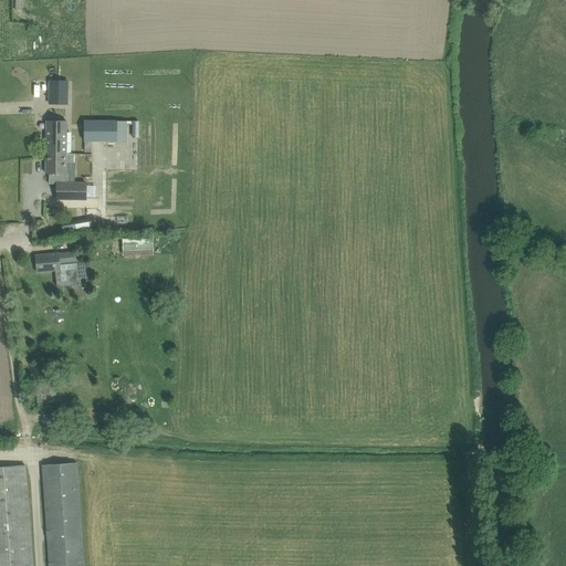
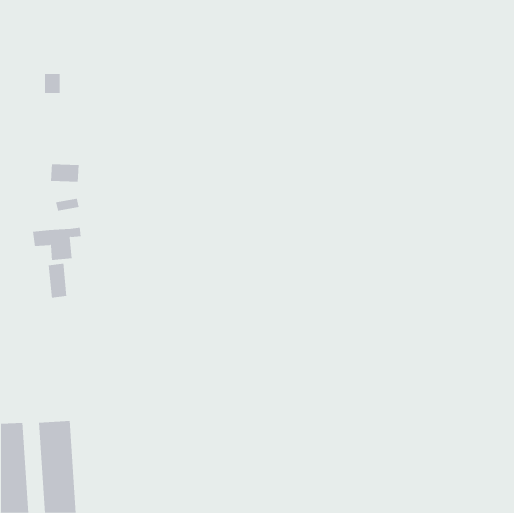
building: [46,120,74,182] -> none
building: [83,120,115,140] -> none
building: none -> [48,263,67,298]

